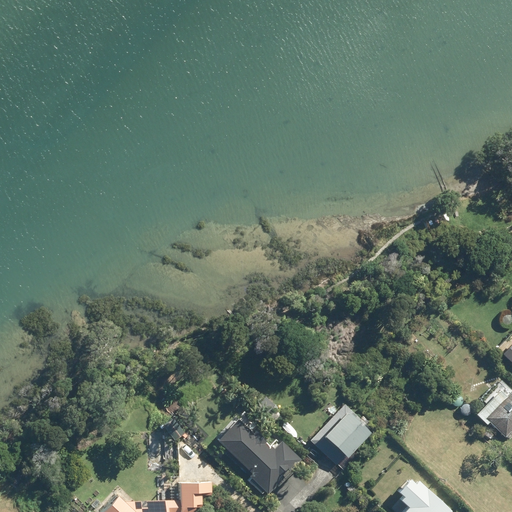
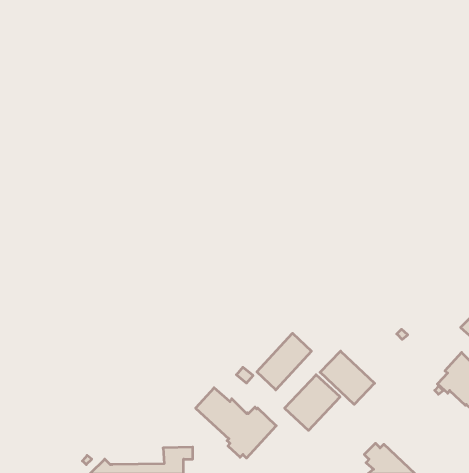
building: none -> [257,333,311,390]
building: none -> [320,351,375,404]

